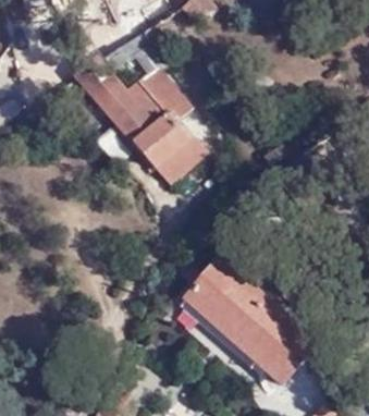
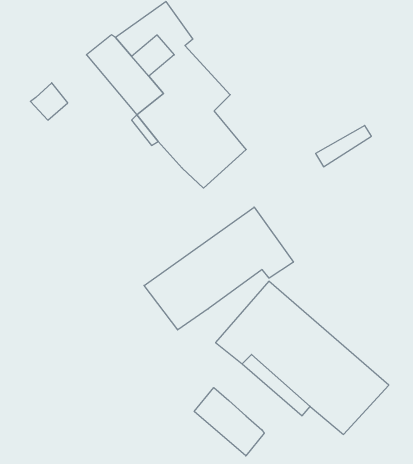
building: none -> [144,207,293,330]
building: none -> [194,388,264,456]

